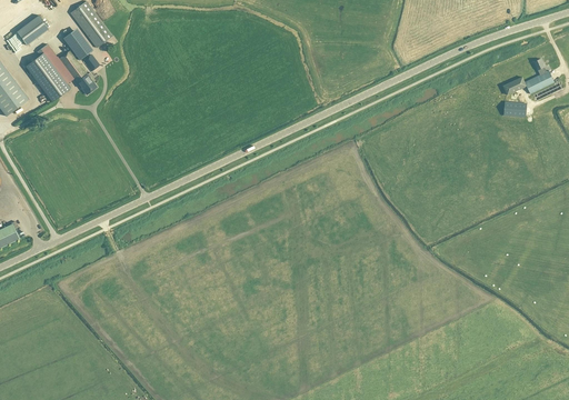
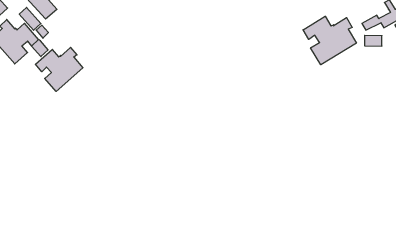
building: none -> [303,16,356,65]
building: none -> [35,47,83,91]

